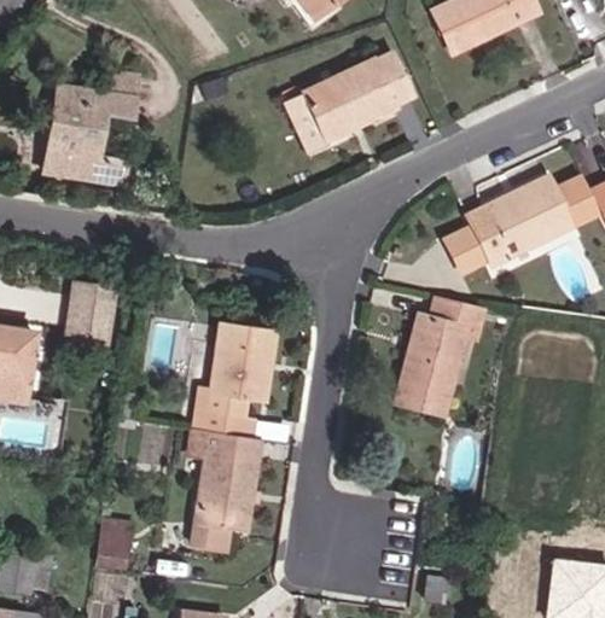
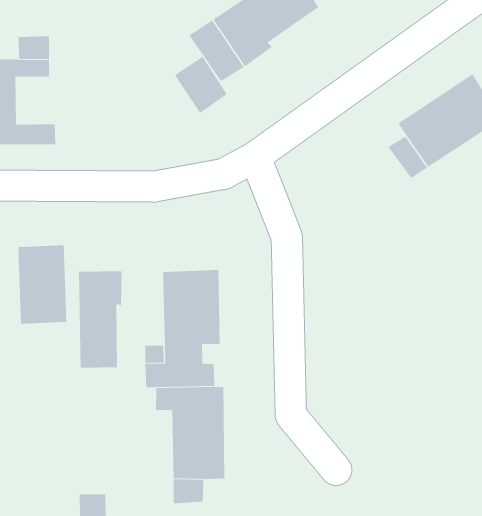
building: none -> [174,56,228,114]
building: [405,293,481,403] -> none
building: none -> [78,270,122,368]

